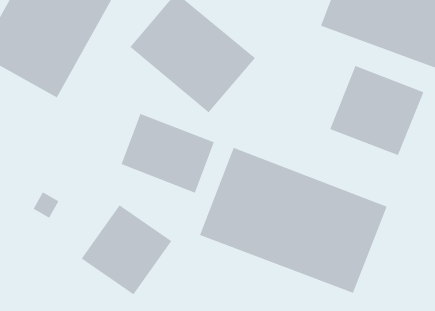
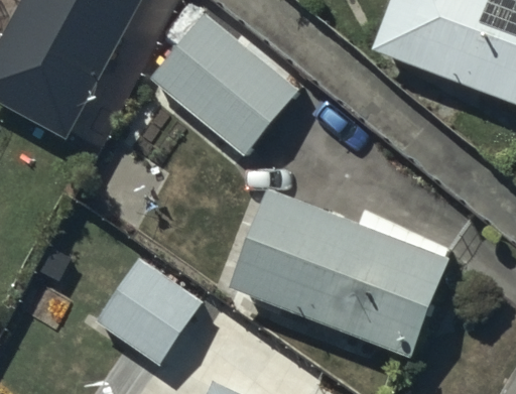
building: [330,65,424,156] -> none
building: [121,113,214,194] -> none

